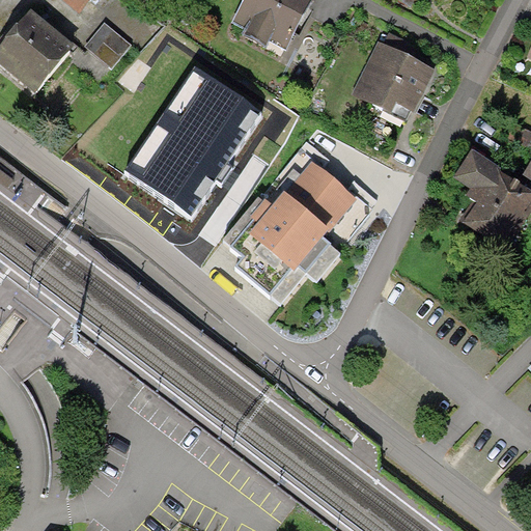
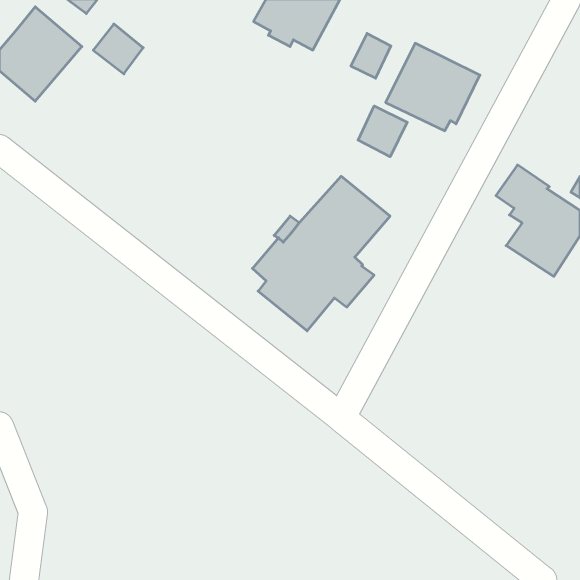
building: none -> [351,33,391,78]
building: [124,65,262,214] -> none
building: none -> [358,106,407,157]

